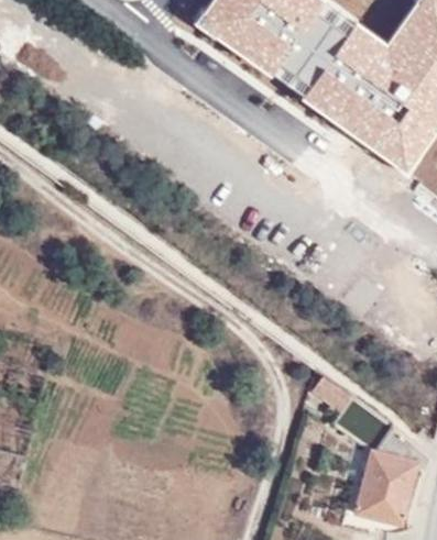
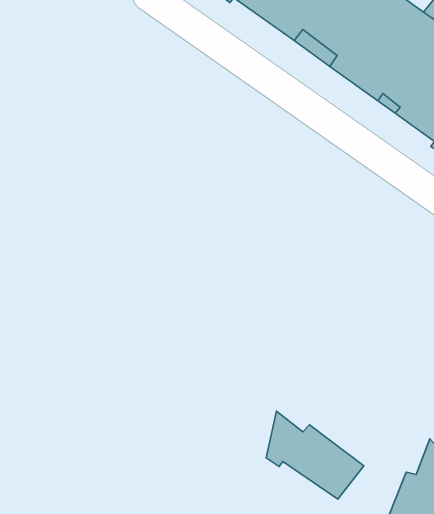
building: none -> [266,411,364,499]

